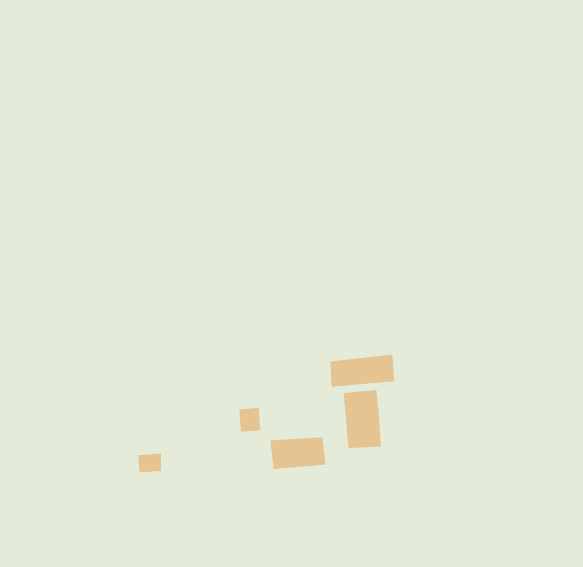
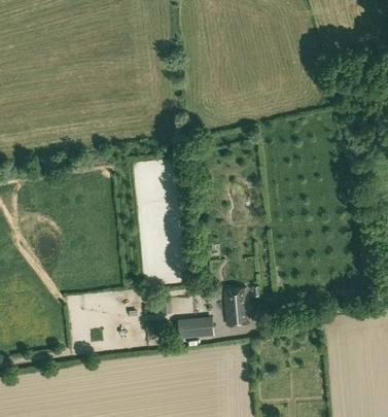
building: [330,354,395,388] -> none

